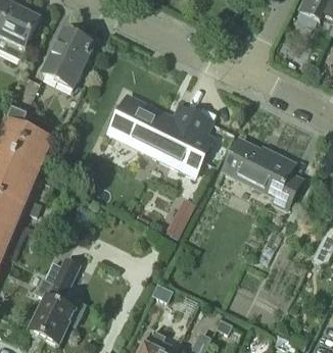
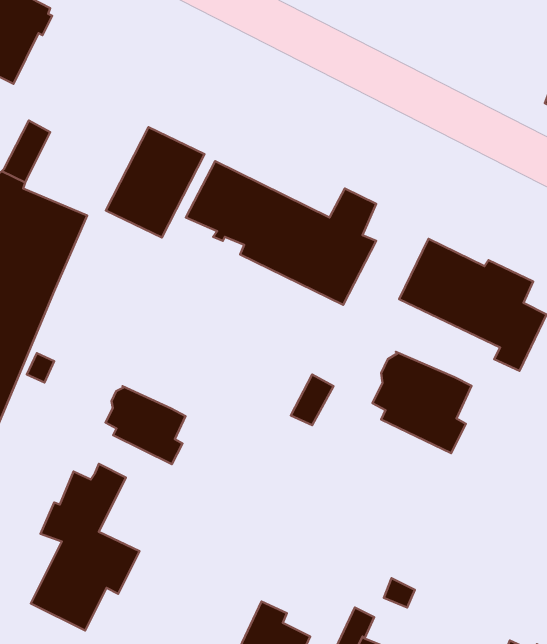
building: [43,29,95,87] -> [106,127,205,238]
building: none -> [372,352,472,453]
building: none -> [105,386,186,464]

